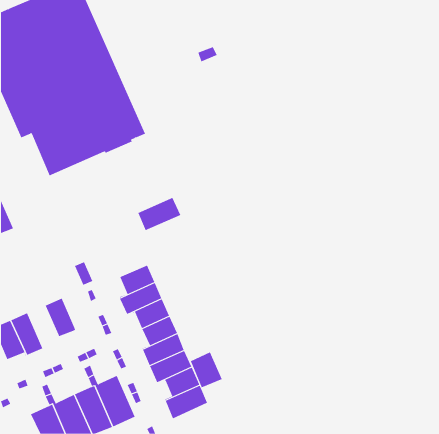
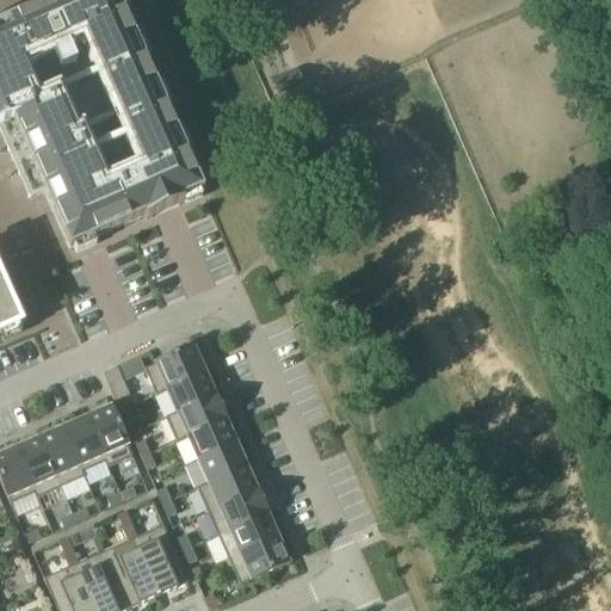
building: [137,197,181,231] -> [146,341,206,388]
building: none -> [88,401,134,461]
building: none -> [41,422,86,482]
building: [190,352,222,388] -> none

